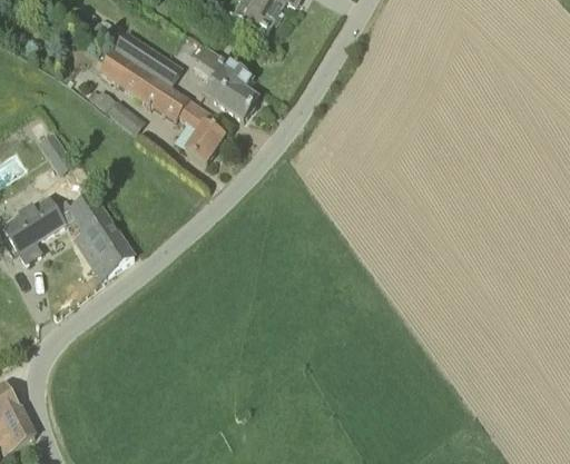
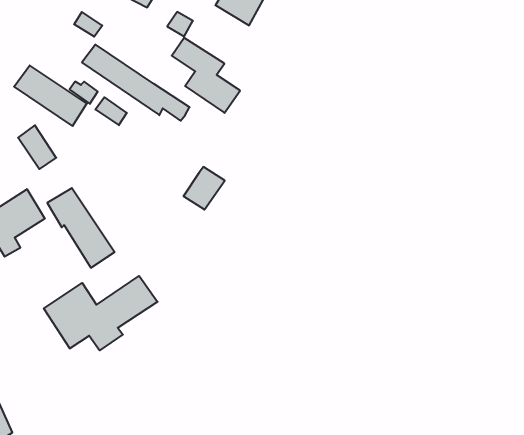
building: [114,30,186,90] -> [14,65,87,126]
building: [183,121,224,164] -> [183,167,225,210]
building: none -> [44,276,158,350]

